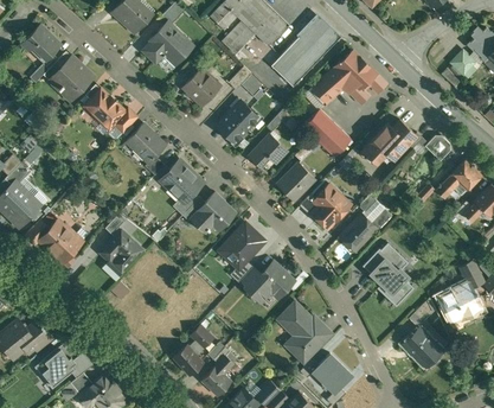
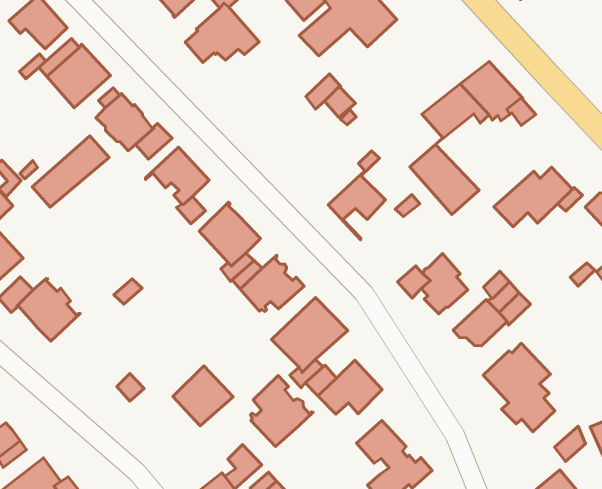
building: [271,19,339,88] -> none
building: [184,70,220,106] -> none
building: [217,98,258,144] -> none
building: none -> [32,136,109,207]
building: [277,164,315,202] -> none
building: [101,230,142,272] -> [173,366,233,426]
building: none -> [250,376,313,446]

